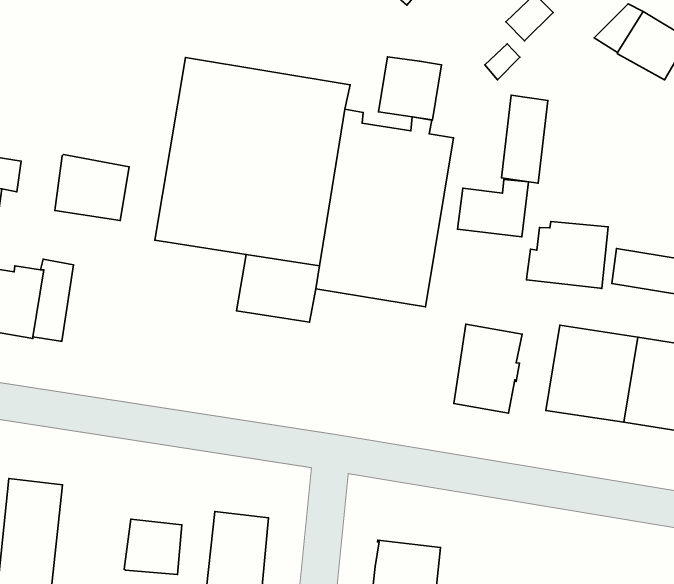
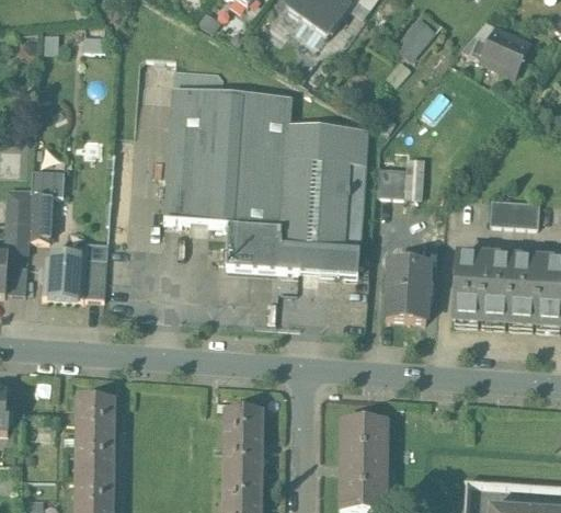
building: [378,57,441,120] -> none
building: [502,95,548,183] -> none
building: [55,154,129,221] -> none
building: [526,221,608,289] -> none
building: none -> [278,244,359,274]
building: [124,519,182,574] -> none

